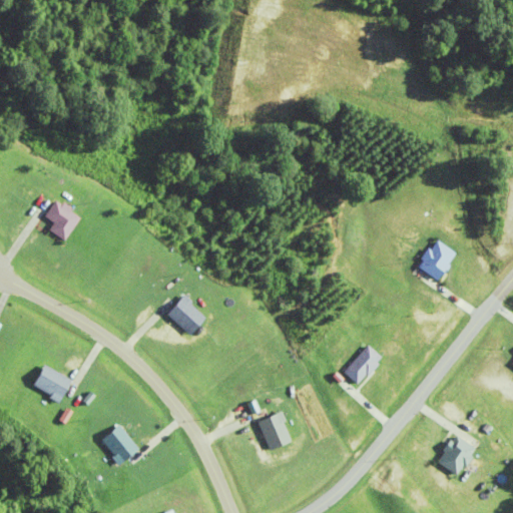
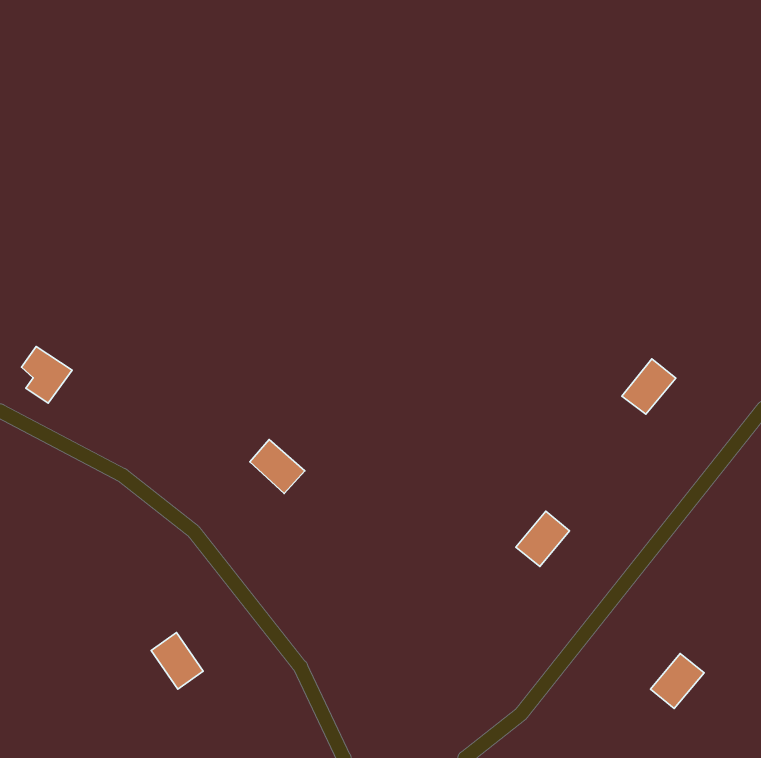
building: [44,199,78,237] -> [21,346,72,403]
building: [34,368,71,402] -> none
building: [260,413,290,449] -> none

